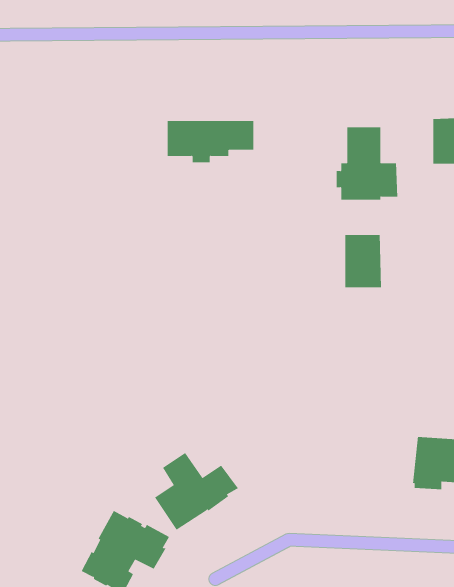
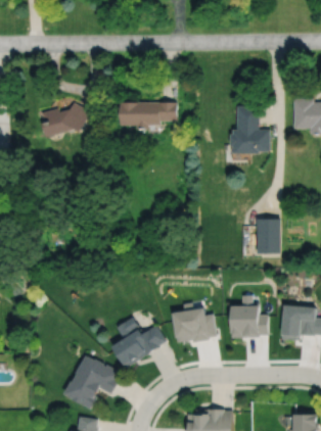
building: none -> [41,101,91,137]
building: [344,235,382,288] -> [258,218,282,252]
building: none -> [232,294,268,337]
building: none -> [173,302,217,342]

